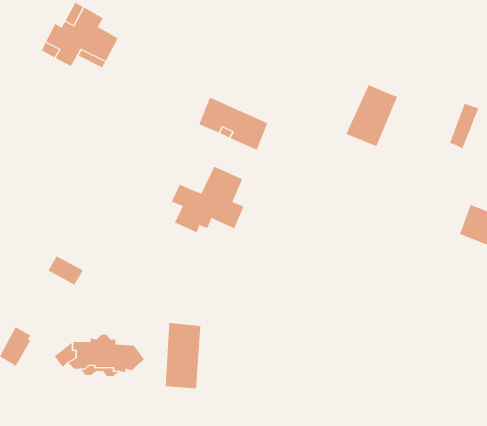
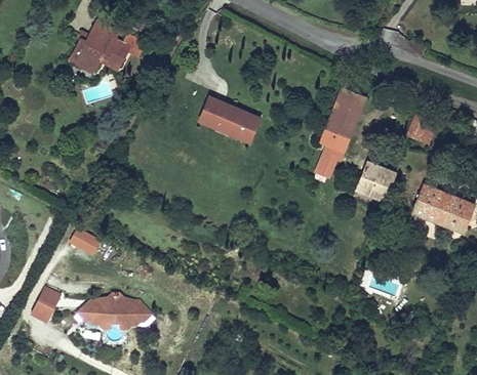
building: none -> [312,129,347,177]
building: [171,166,244,233] -> none
building: none -> [355,162,394,201]
building: [165,322,201,389] -> none

